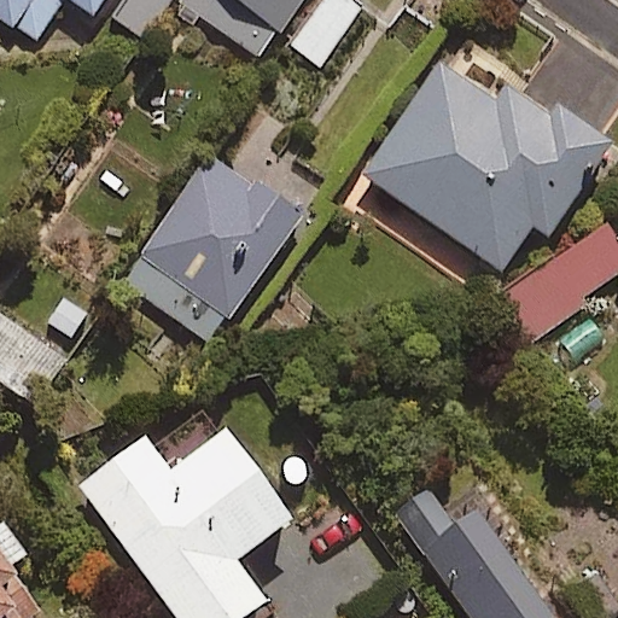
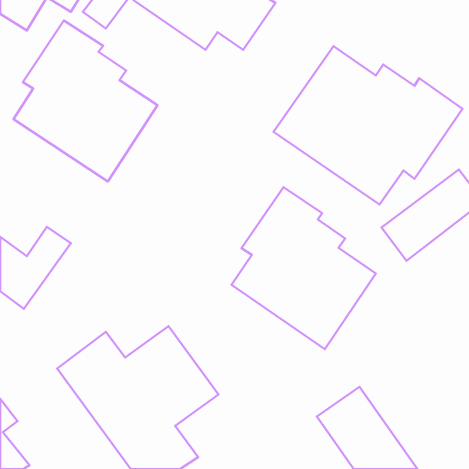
building: none -> [13,20,158,182]
building: [123,153,298,342] -> none
building: none -> [232,187,376,349]

